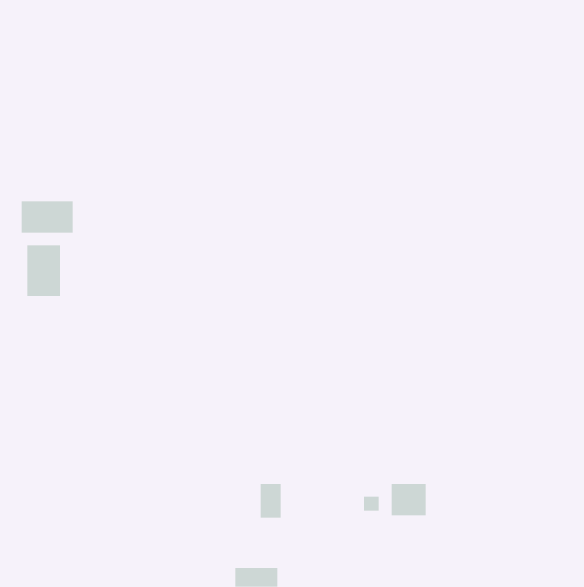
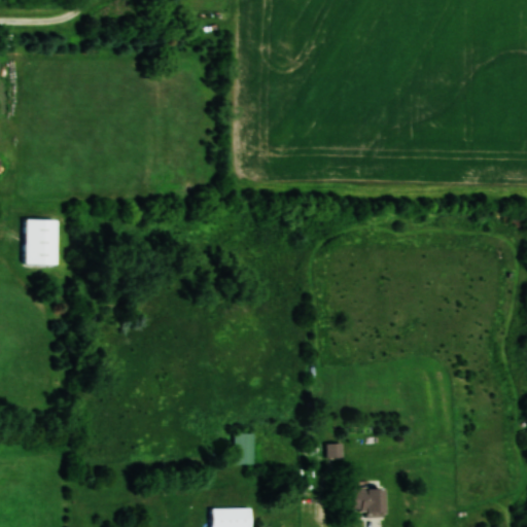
building: [21,200,73,233] -> none
building: [391,484,426,516] -> [354,487,386,516]

